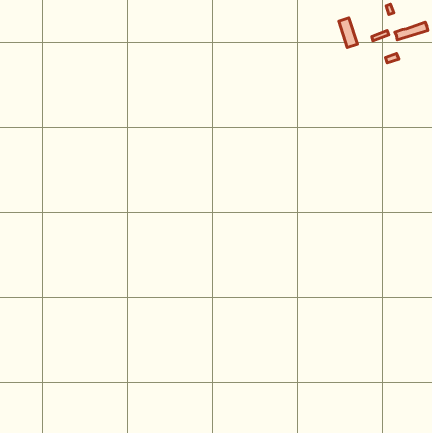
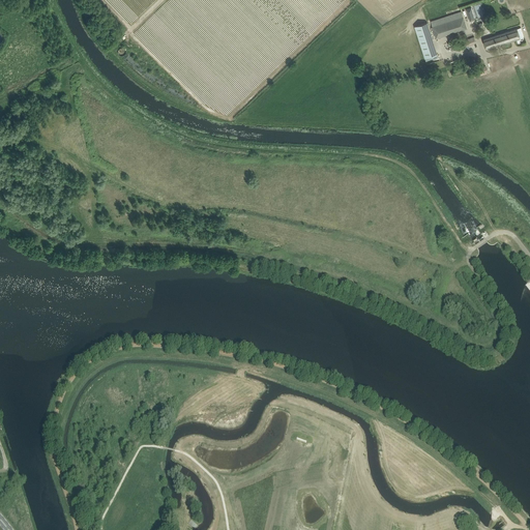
building: none -> [430,11,466,37]

